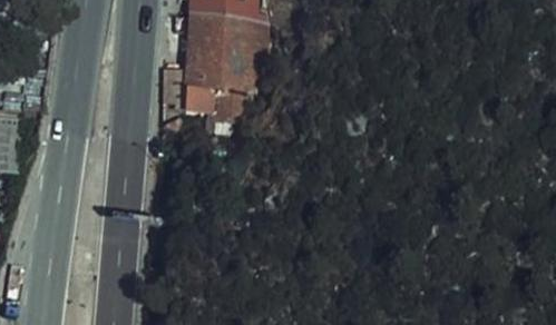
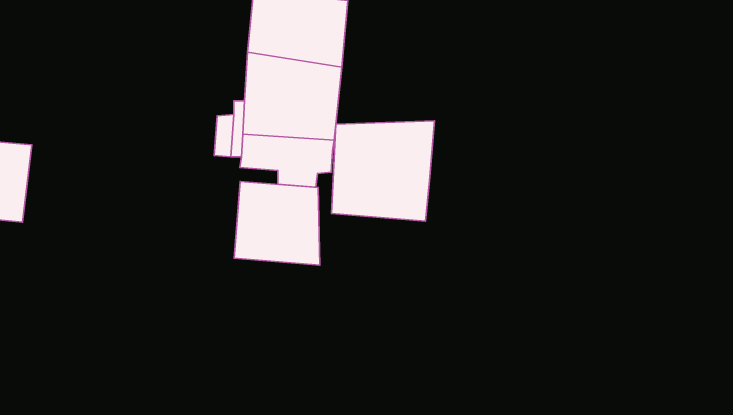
building: none -> [332,121,435,221]
building: none -> [234,181,320,265]

